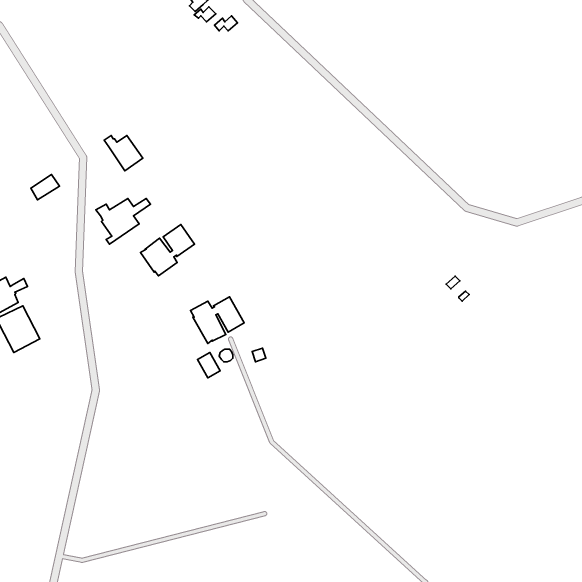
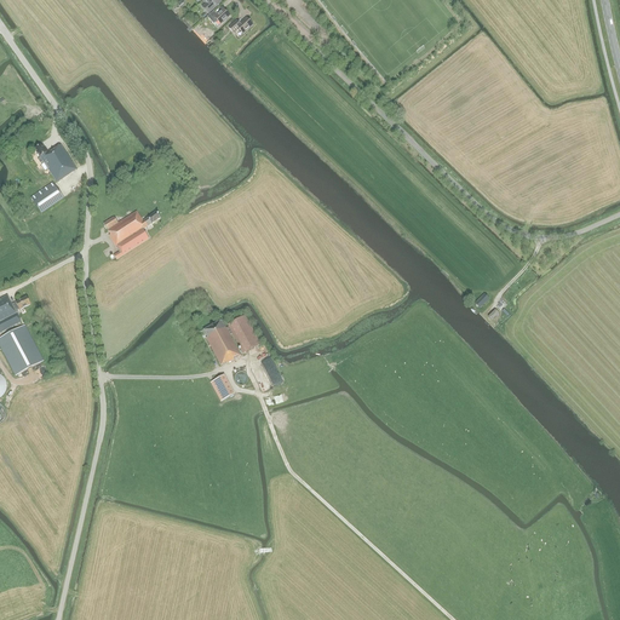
building: [104,135,143,171] -> [34,144,75,182]
building: [140,224,195,276] -> none

